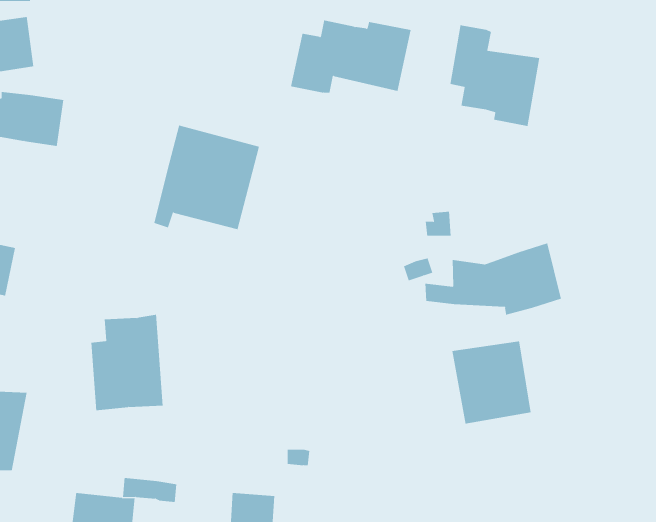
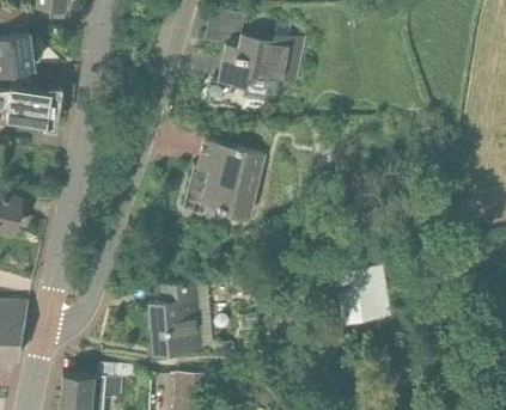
building: [450,25,540,127] -> none
building: [153,125,260,230] -> [188,141,264,216]
building: [425,242,562,316] -> none
building: [90,314,164,411] -> [150,283,202,353]

